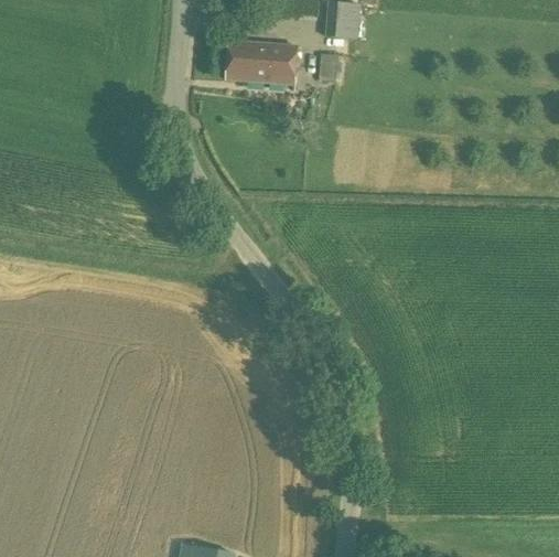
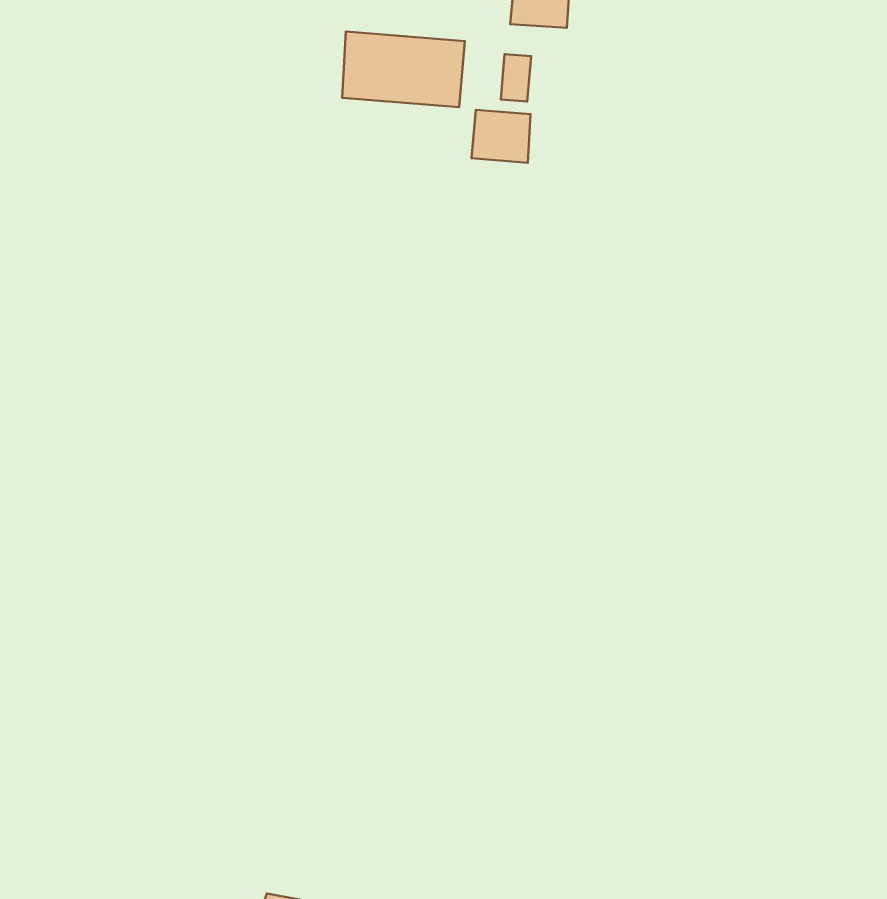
building: none -> [471,110,530,163]

